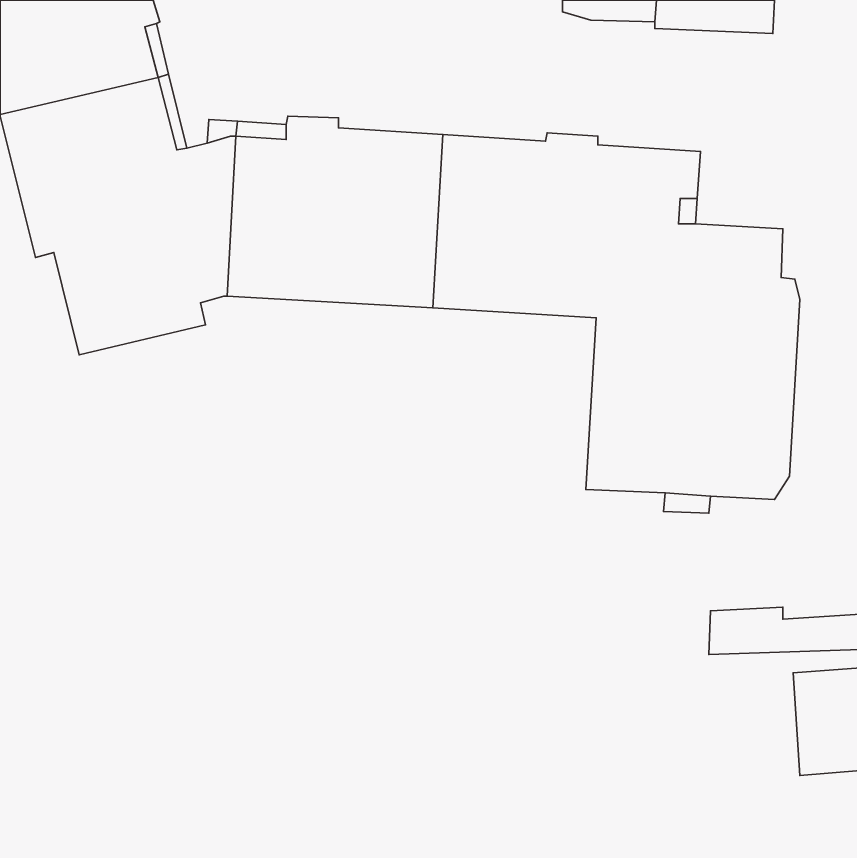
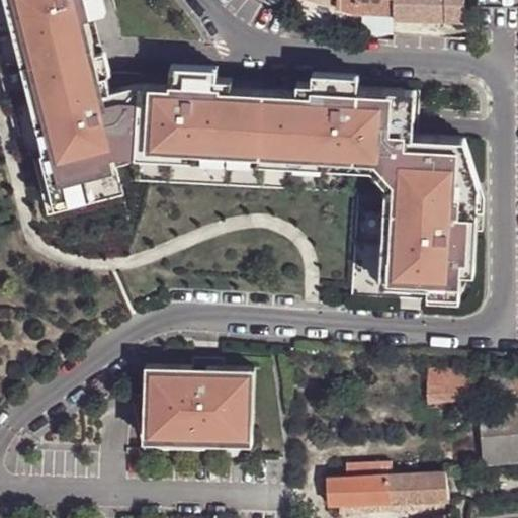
building: none -> [142,363,252,452]
building: none -> [329,455,448,503]

